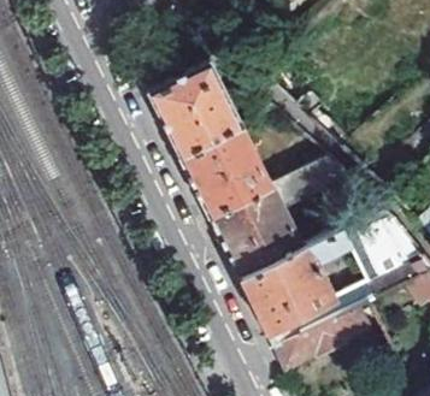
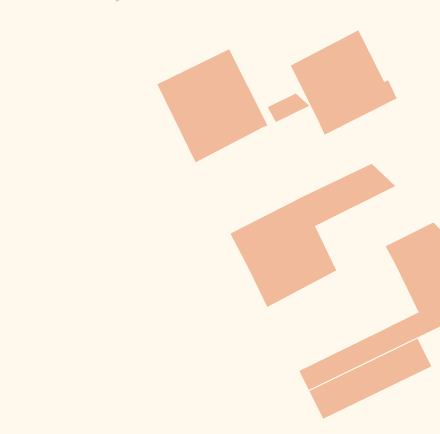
building: [181,128,271,217] -> [290,30,397,136]
building: [241,227,348,332] -> none

